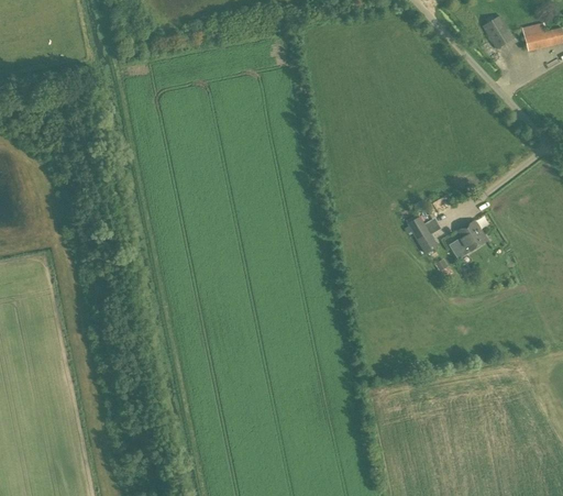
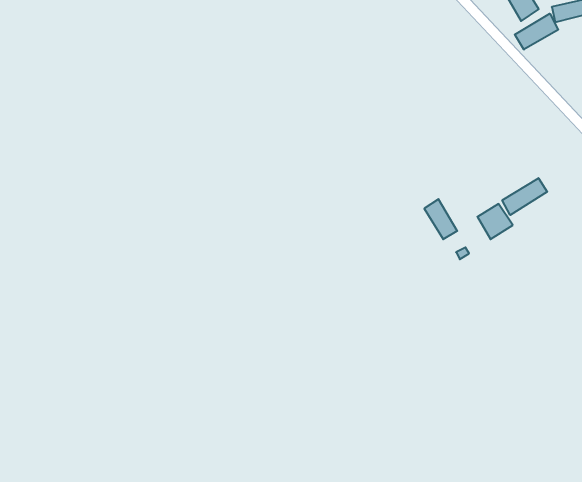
building: none -> [515,14,558,50]
building: none -> [502,178,547,215]

